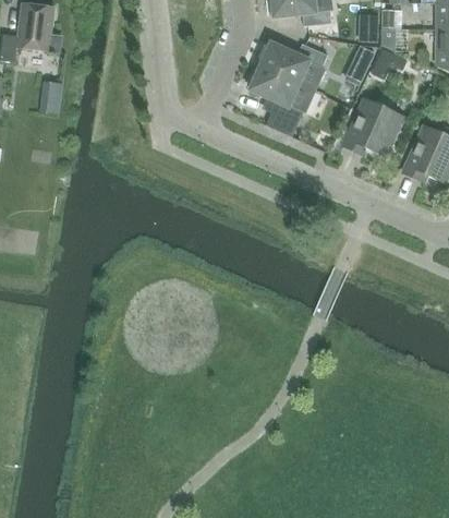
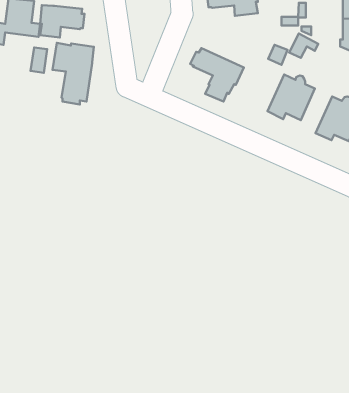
building: none -> [40,5,84,37]
building: [259,43,326,91] -> none
building: none -> [53,43,94,105]

